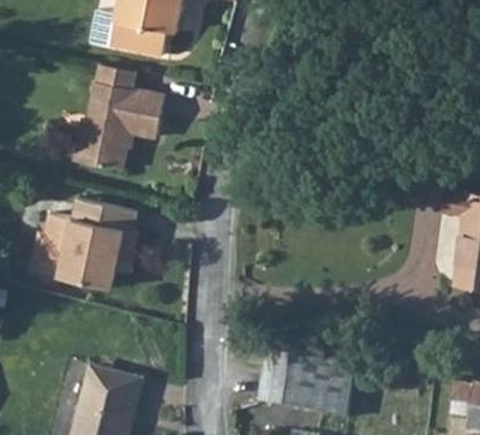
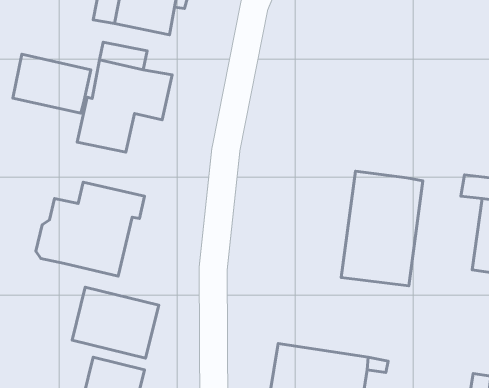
building: none -> [13,54,91,113]
building: none -> [341,171,423,286]
building: none -> [72,287,159,358]

